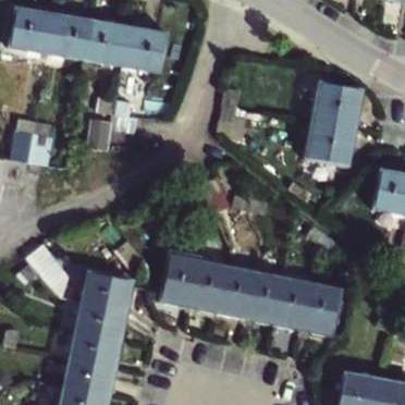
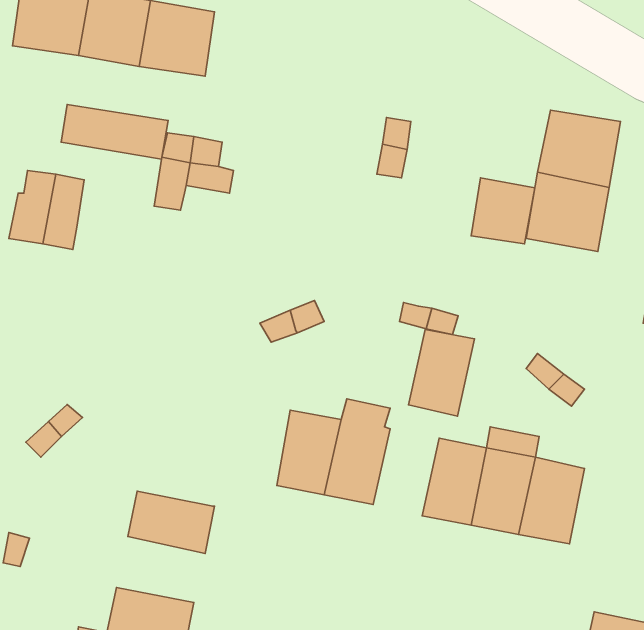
building: [122,27,165,71] -> none
building: none -> [61,105,168,159]
building: none -> [471,178,535,244]
building: [219,268,257,318] -> [408,329,474,416]
building: [83,273,133,312] -> none
building: [71,330,122,368] -> none

